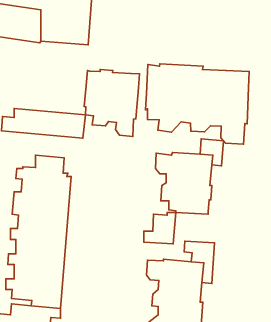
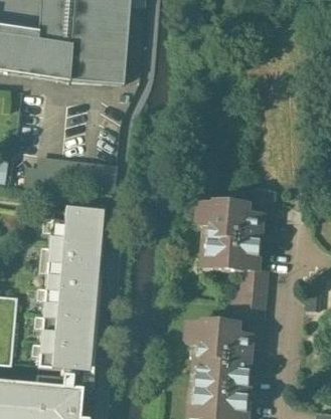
building: [145,64,249,144] -> none
building: [84,70,139,136] -> none
building: [144,212,176,244] -> [231,269,268,304]

